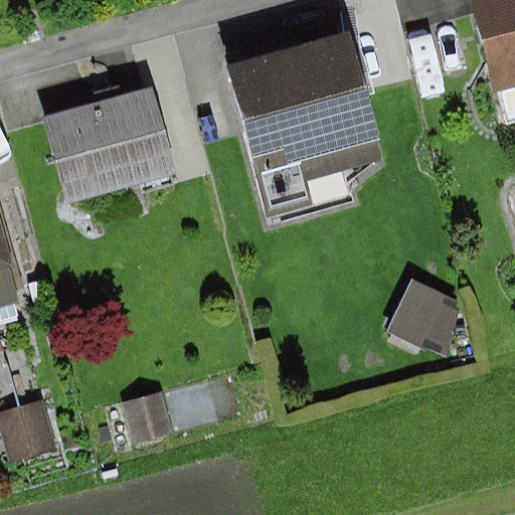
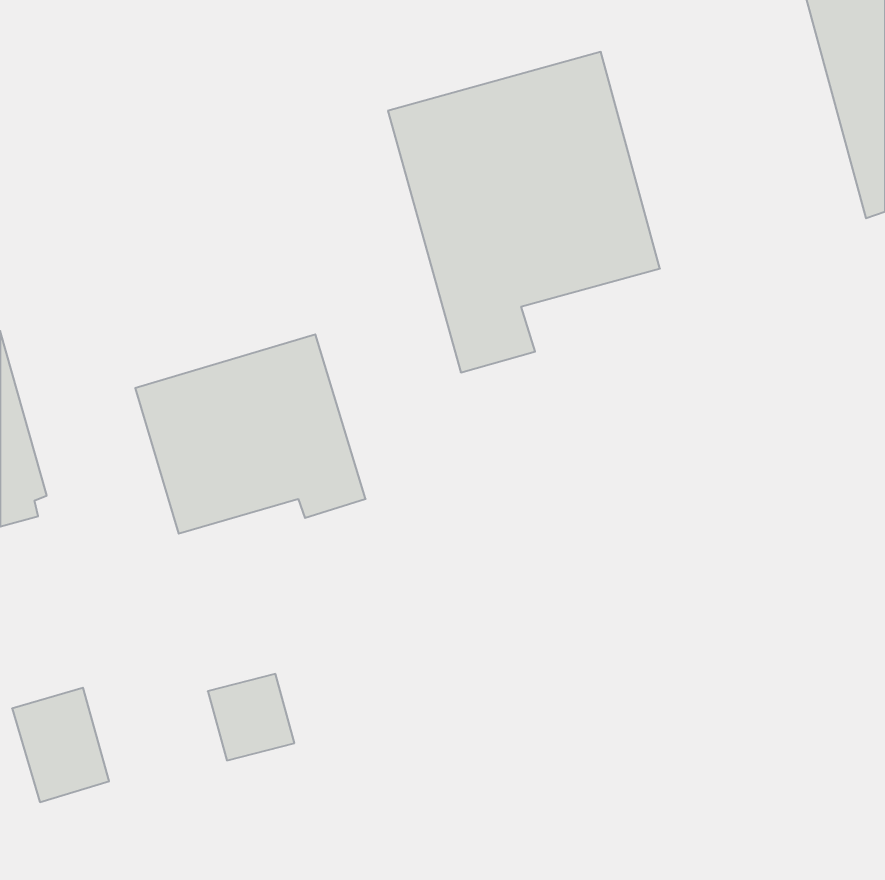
building: [44,84,178,200] -> [135,334,366,534]
building: [388,279,457,355] -> none

